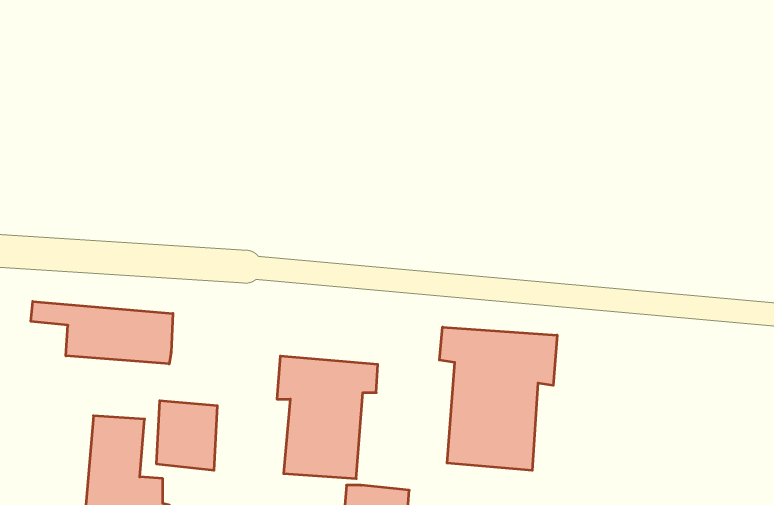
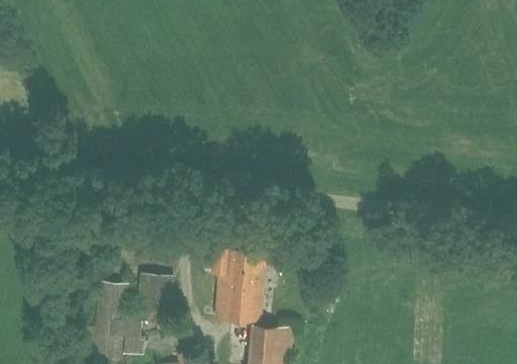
building: [31,301,173,364] -> none
building: [439,327,557,470] -> none

